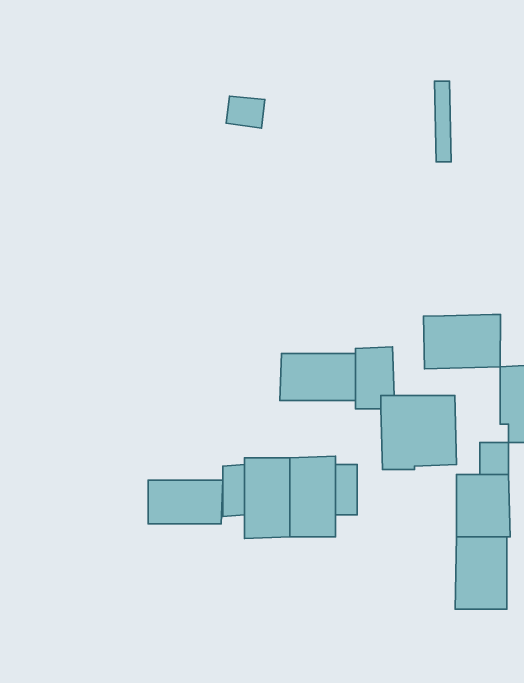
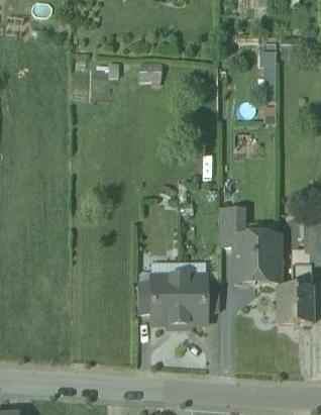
building: [423,314,500,369] -> none
building: [280,354,356,401] -> none
building: [148,480,223,524] -> none
building: [455,537,507,609] -> none

